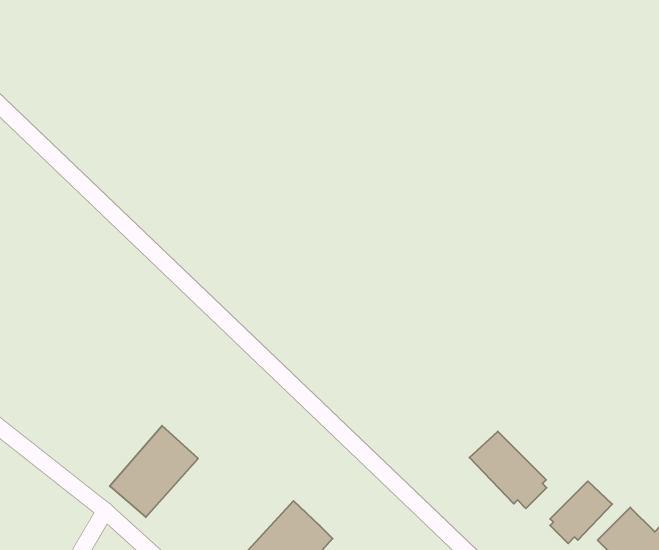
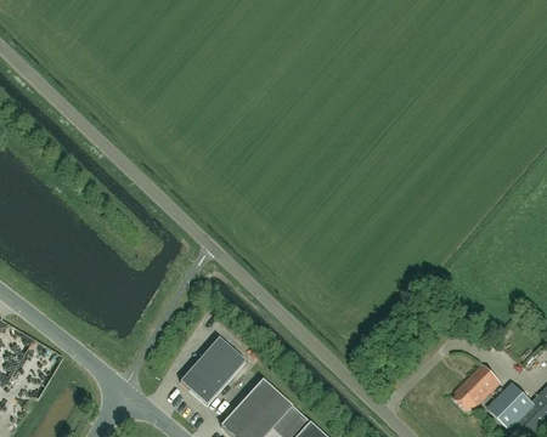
building: [110,426,198,517] -> [181,336,247,404]
building: [469,431,547,508] -> none

